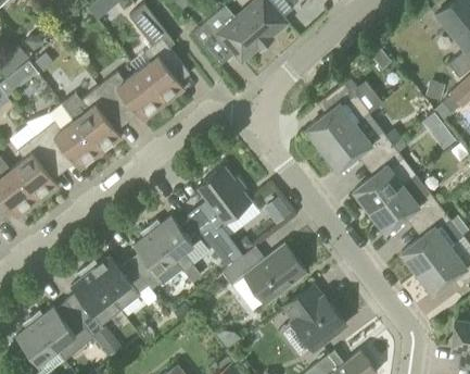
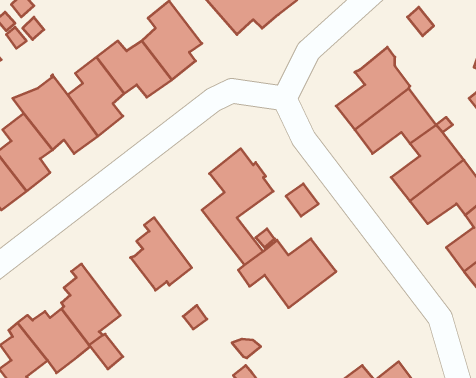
building: [149,216,209,273] -> none
building: [86,257,148,311] -> none
building: [283,285,346,350] -> none

